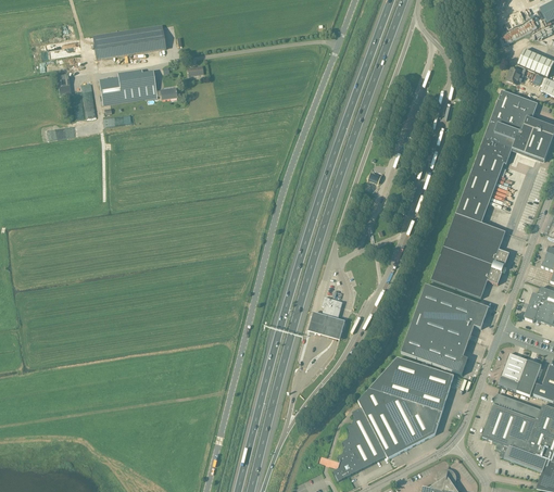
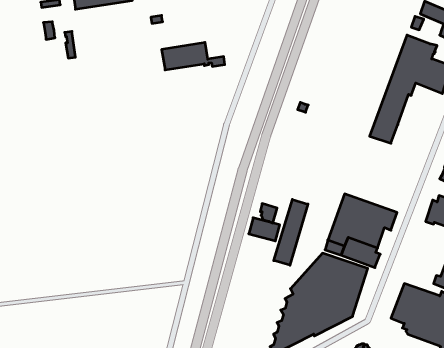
building: [99,71,176,104] -> [162,42,225,70]
building: [430,214,509,299] -> none
building: none -> [274,199,308,265]
building: [498,353,541,396] -> none

